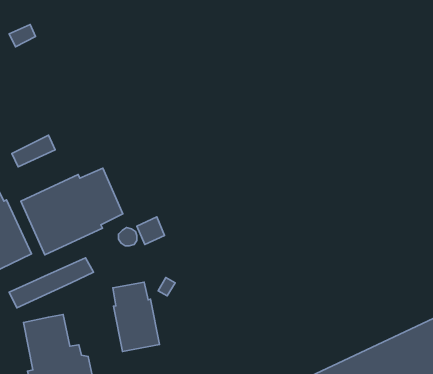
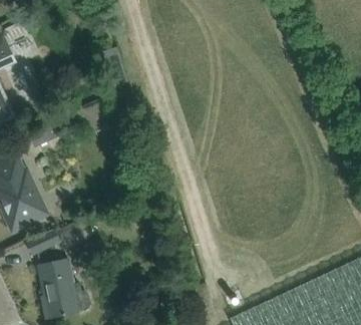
building: [21,168,123,255] -> none
building: [113,282,160,351] -> none

